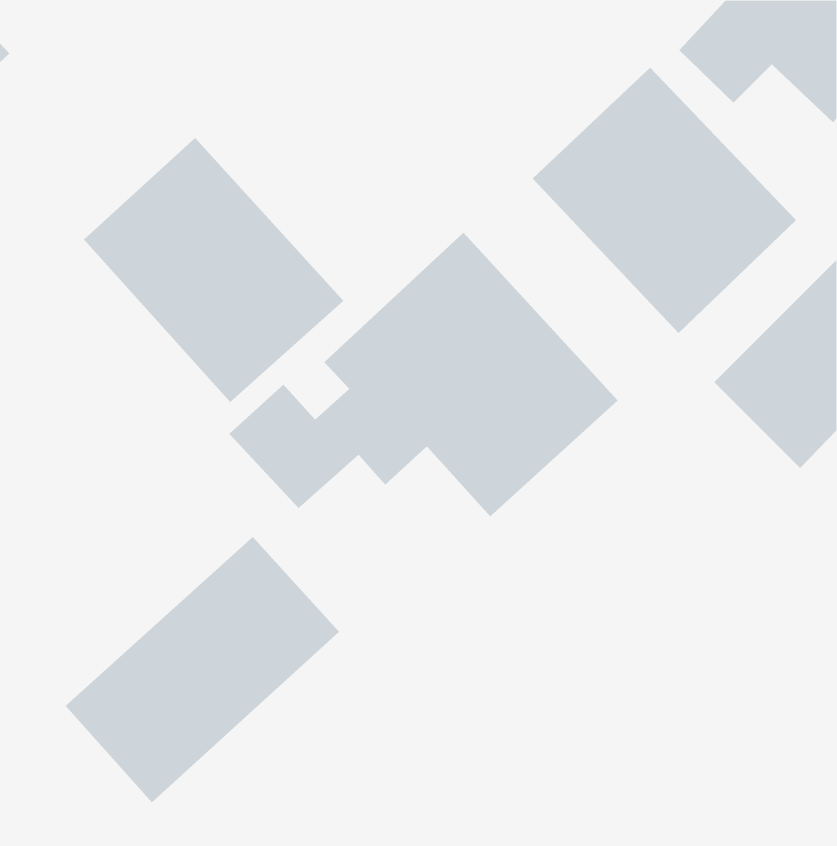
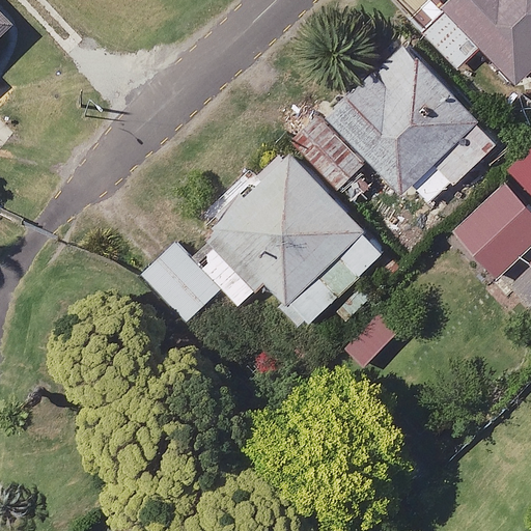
building: [83,137,344,403] -> none
building: [65,536,340,803] -> none

